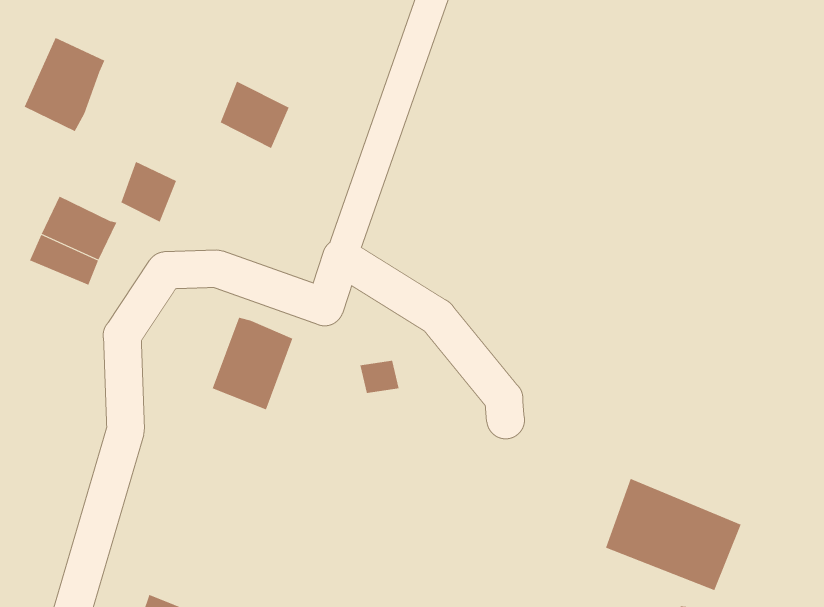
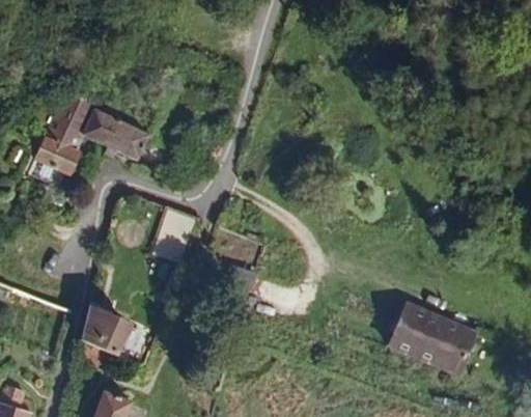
building: [24,37,105,132] -> [48,86,99,145]
building: [220,81,290,149] -> [111,120,155,163]
building: none -> [88,308,143,353]

